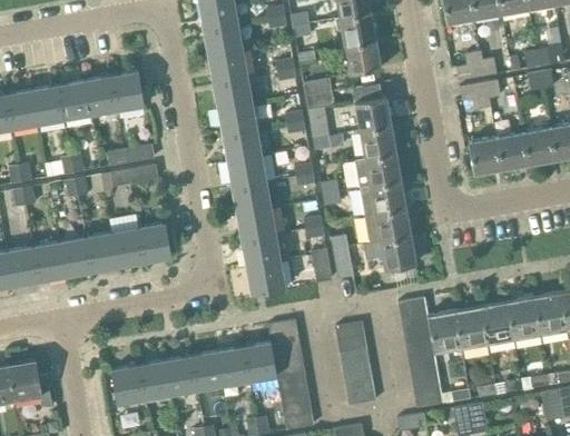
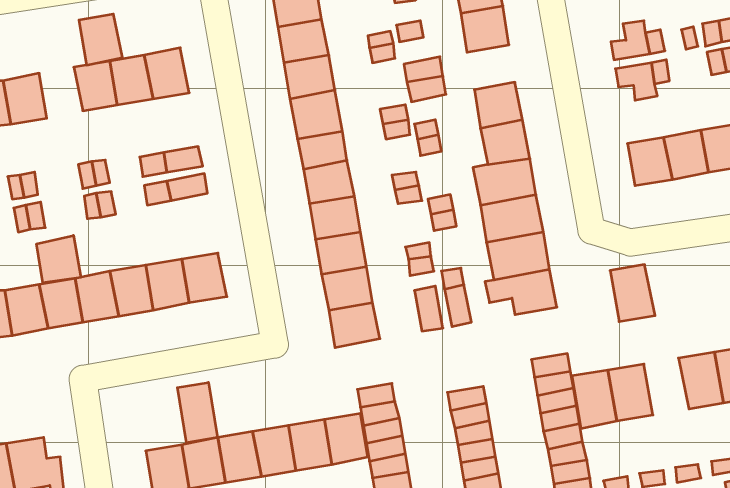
building: [32,86,65,123] -> [79,14,122,65]
building: none -> [37,235,81,283]
building: [481,301,514,344] -> [610,265,655,322]
building: none -> [177,382,218,443]

